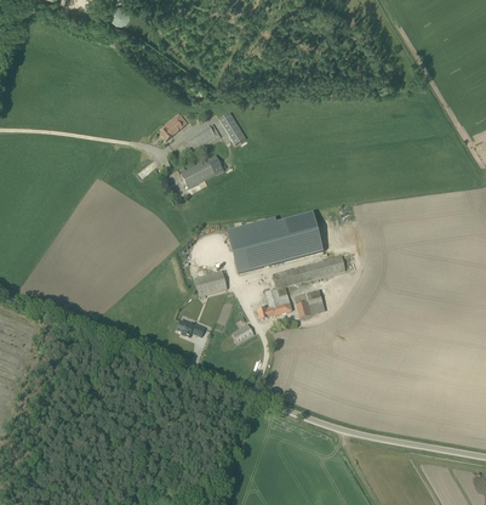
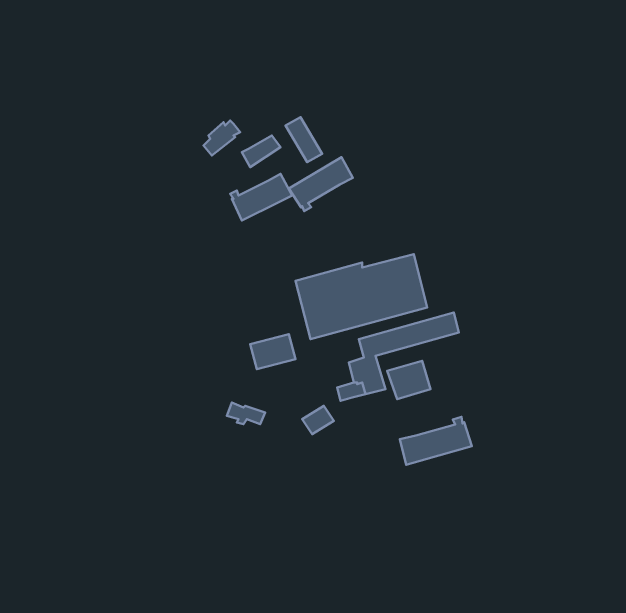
building: none -> [289,157,353,211]
building: none -> [400,417,472,465]

